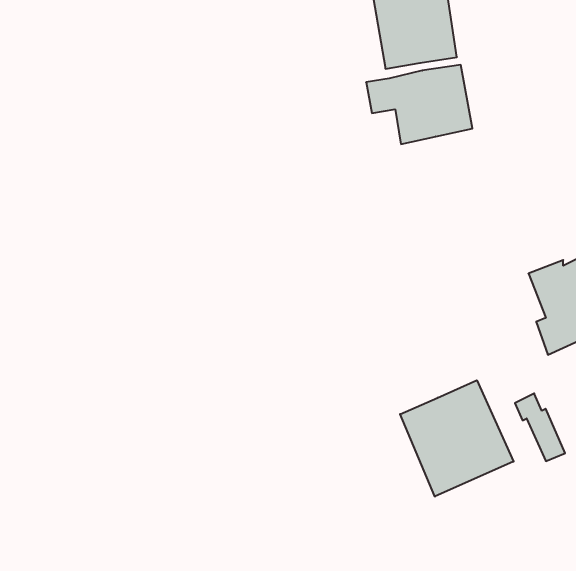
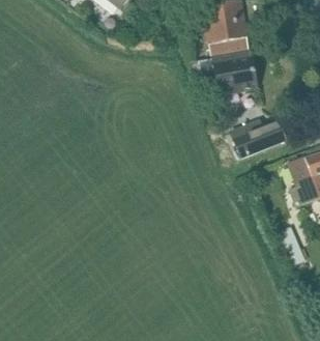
building: none -> [233,120,287,158]
building: [400,380,514,497] -> none

